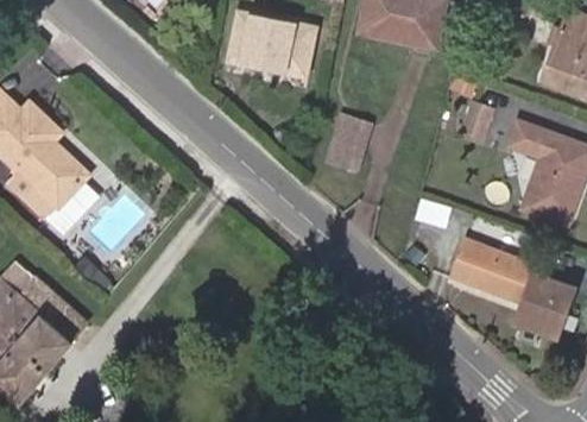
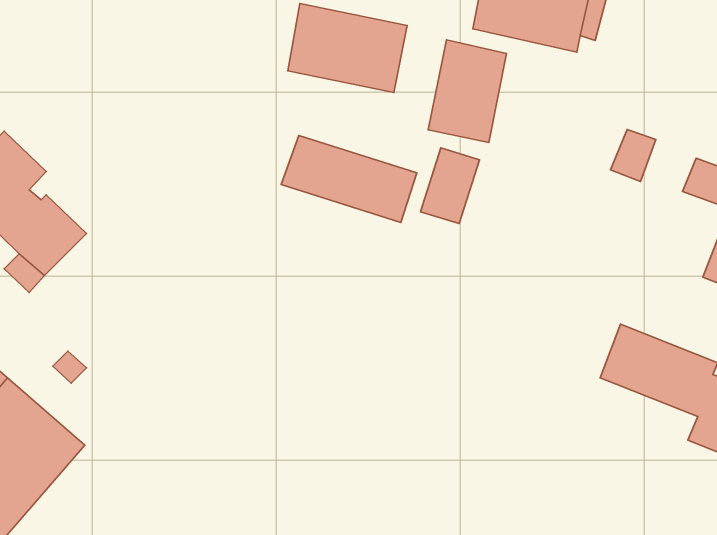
building: none -> [428,40,507,142]
building: none -> [281,136,417,222]

